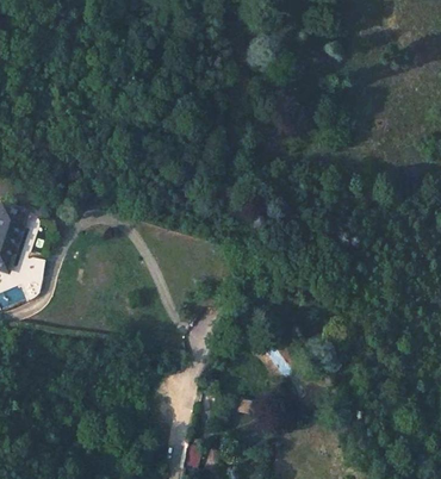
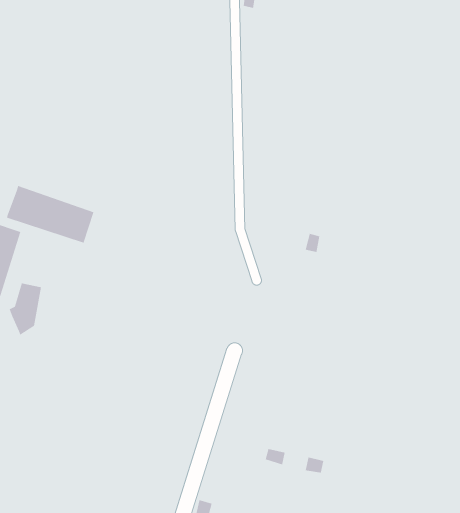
building: none -> [6,185,94,244]

